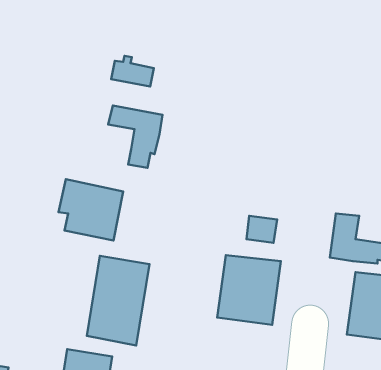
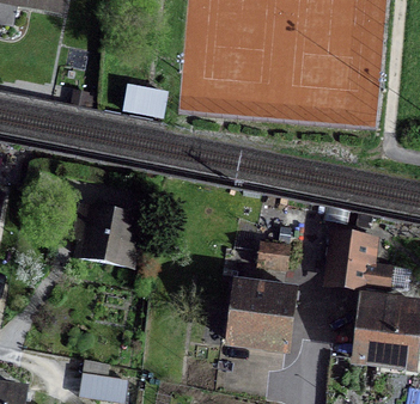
building: [108,106,162,168] -> none
building: [87,256,149,345] -> none

